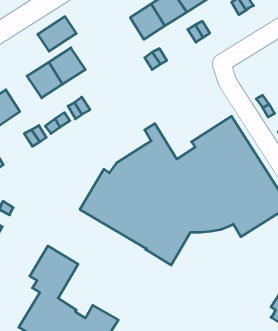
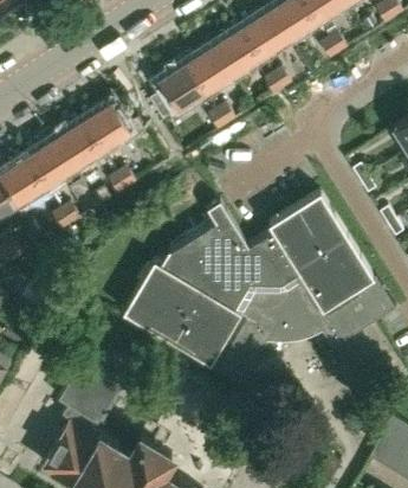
building: [38,17,76,51] -> none
building: none -> [158,65,206,111]
building: none -> [27,141,73,195]

